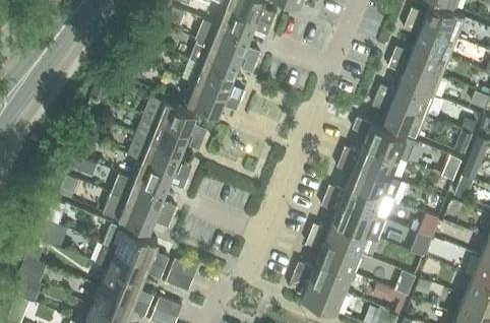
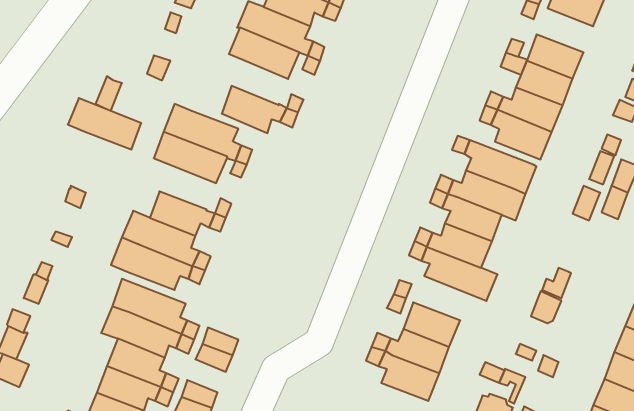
building: [415,24,456,57] -> none
building: [182,58,233,95] -> none
building: [126,134,180,172] -> [68,98,141,149]
building: [324,220,378,258] -> none

